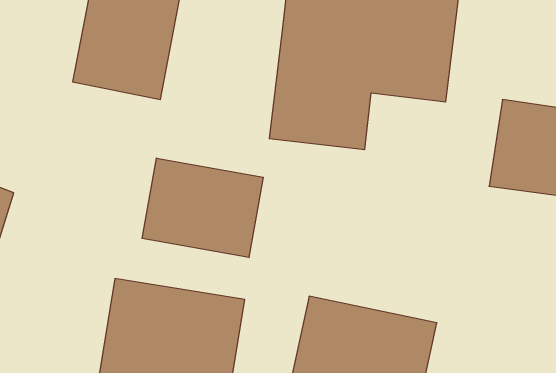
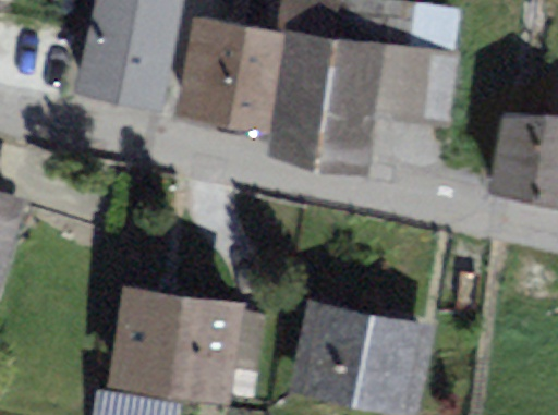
building: none -> [177,22,284,130]
building: [142,158,263,258] -> none

